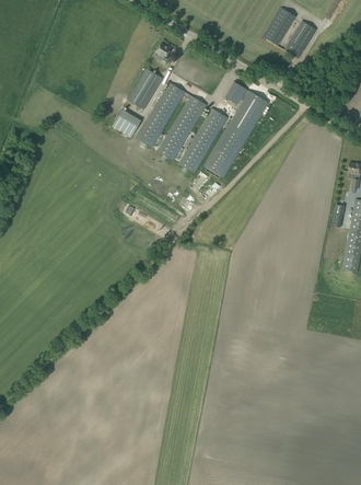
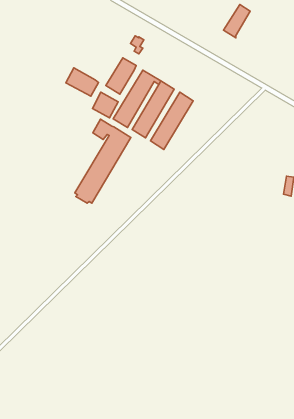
building: [283,20,314,57] -> none
building: none -> [66,68,99,96]
building: [202,81,267,177] -> [75,119,131,203]

